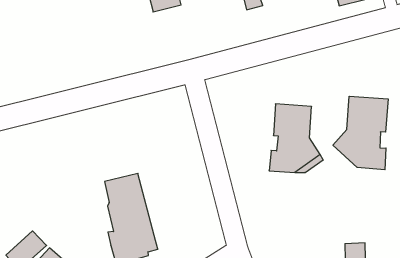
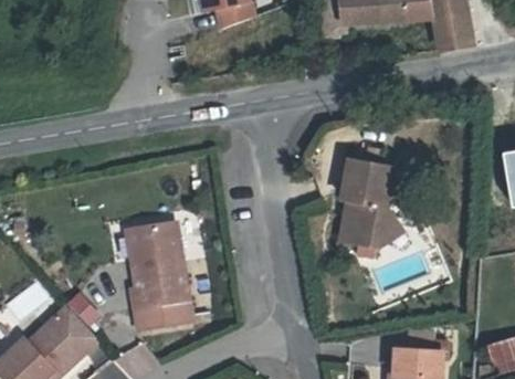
building: [333,96,388,170] -> none

